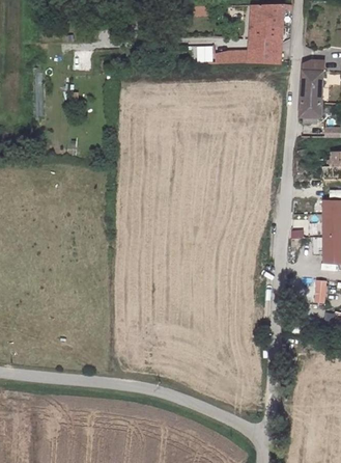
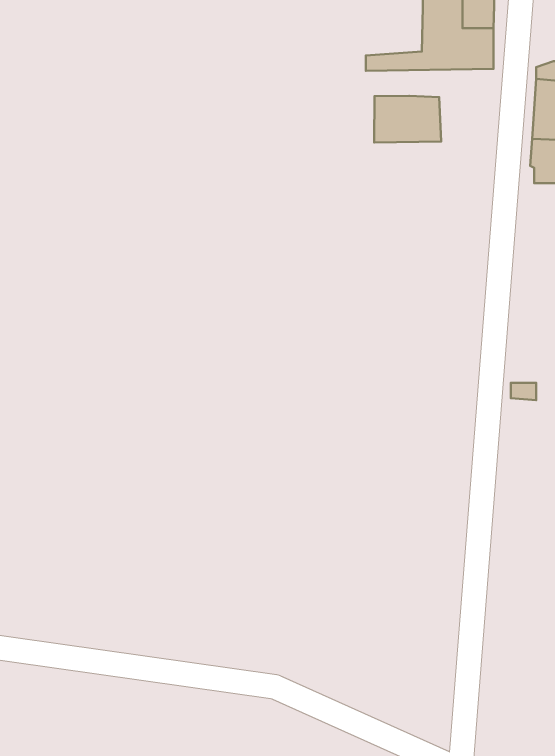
building: none -> [374,96,441,143]

